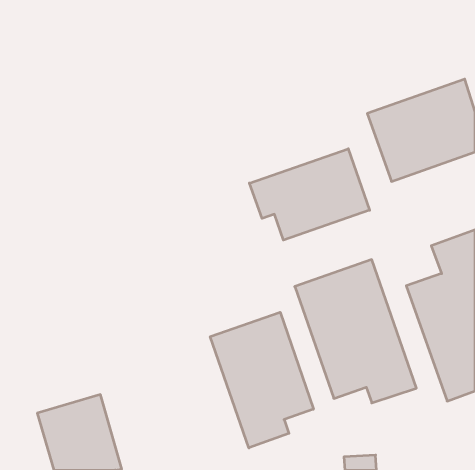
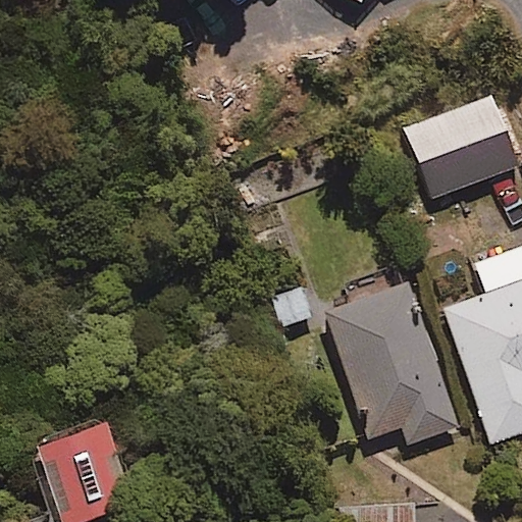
building: [249,149,370,240] -> none
building: [210,312,313,448] -> none

